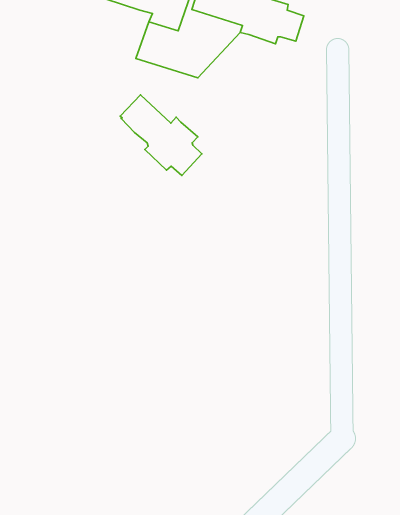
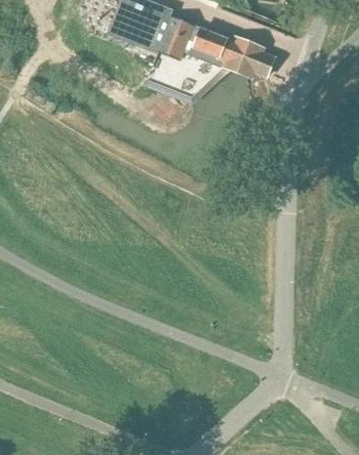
building: [120,95,202,175] -> none

